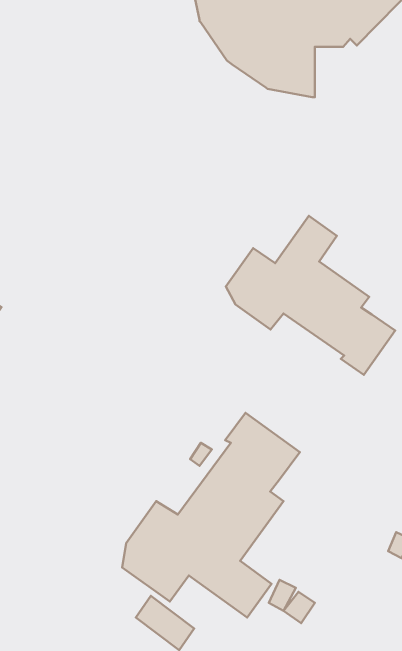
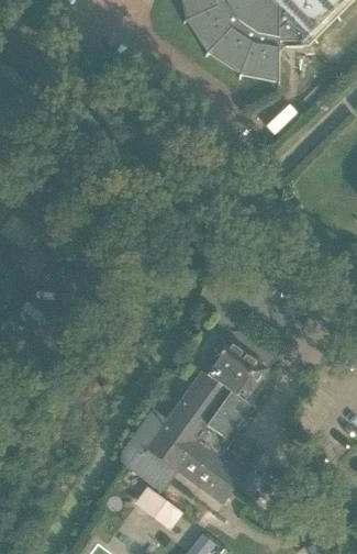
building: [226,216,395,375] -> none

